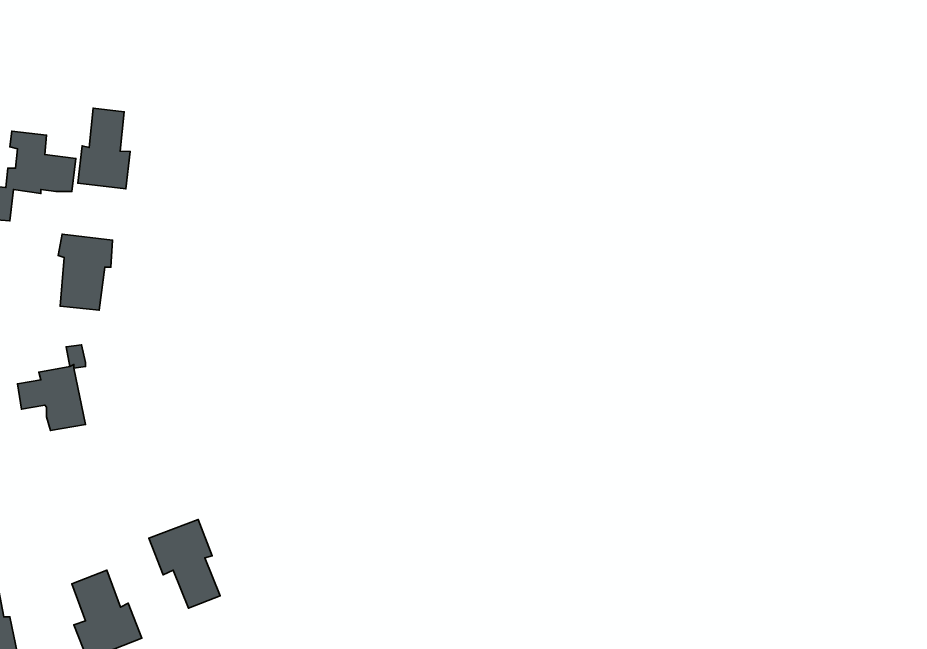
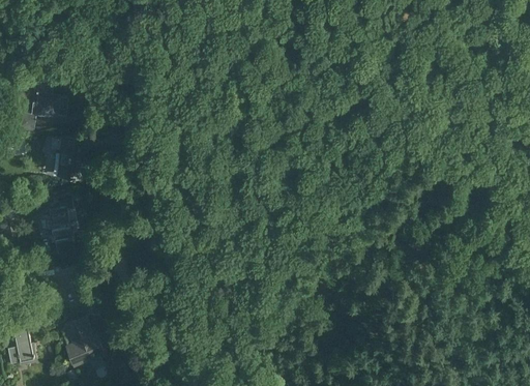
building: [78,108,130,189] -> none
building: [149,519,220,608] -> none

